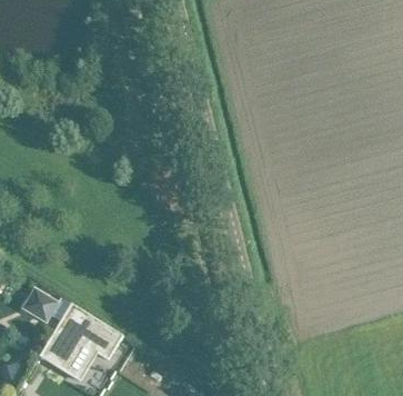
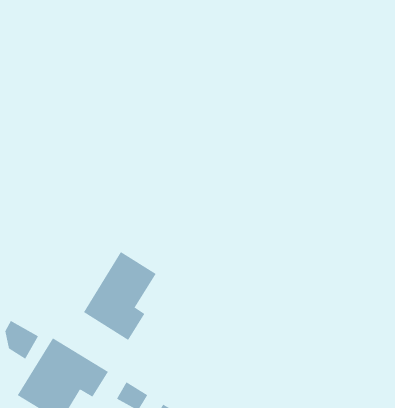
building: none -> [83,251,156,341]

